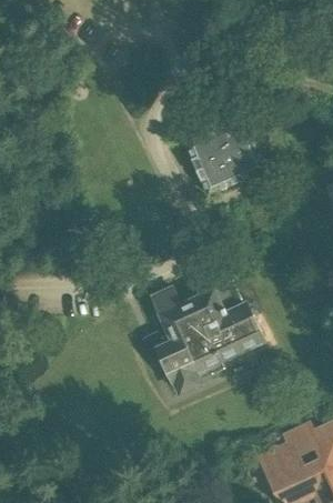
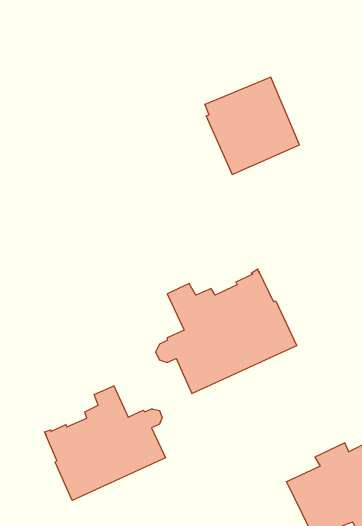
building: none -> [44,386,166,500]

